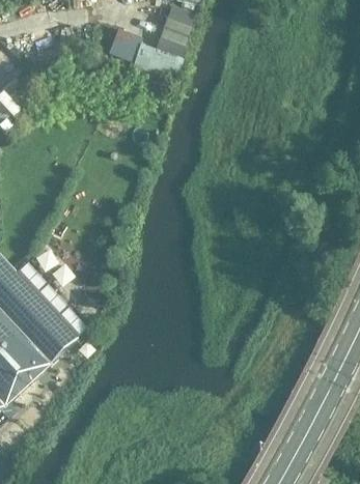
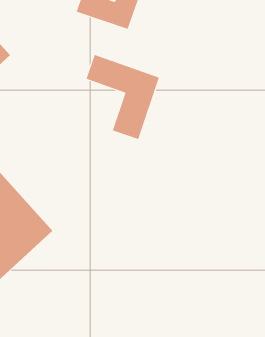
building: none -> [86,54,160,140]

